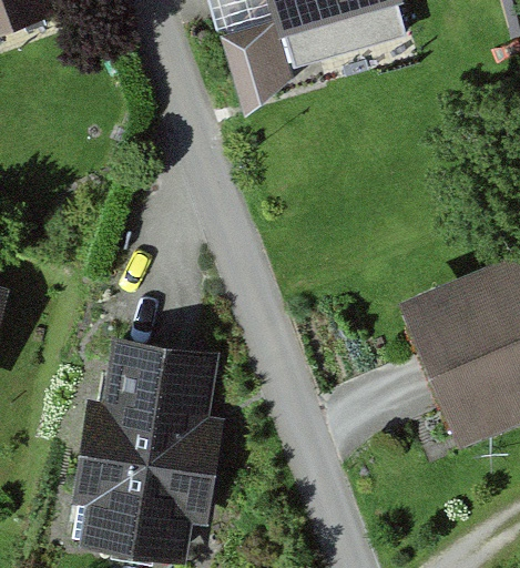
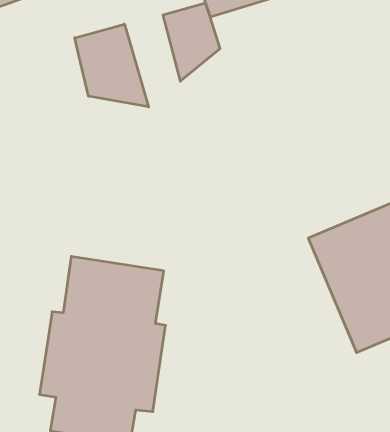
building: none -> [75,24,149,107]

